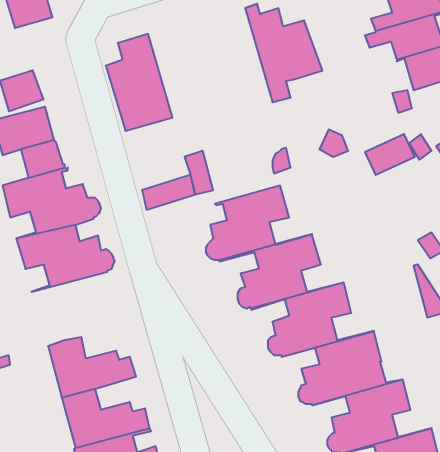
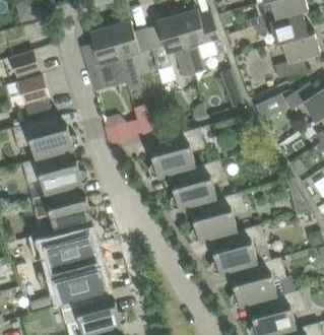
building: none -> [145,8,193,77]
building: none -> [110,19,140,88]
building: none -> [31,185,96,230]

